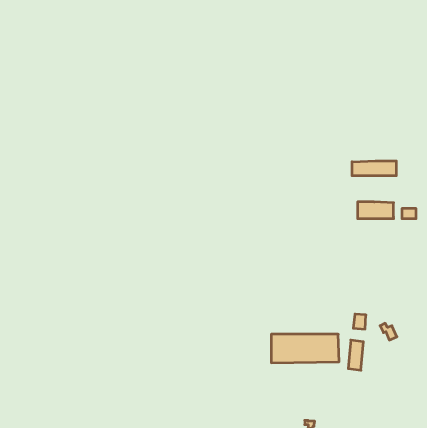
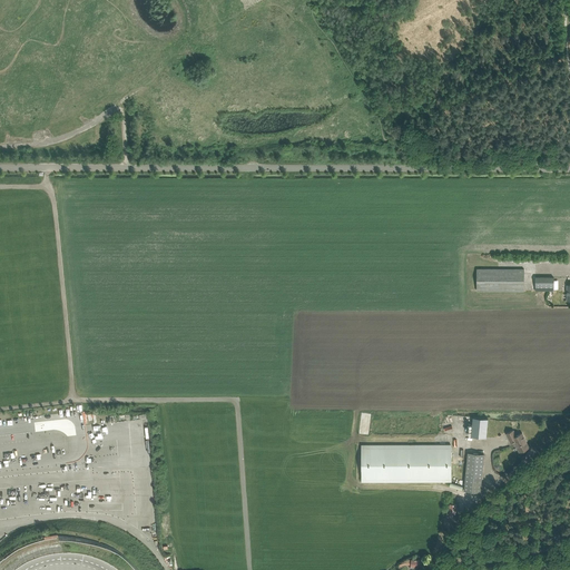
building: [352,161,396,176] -> none

